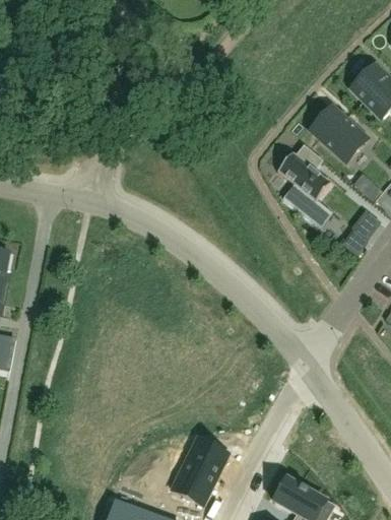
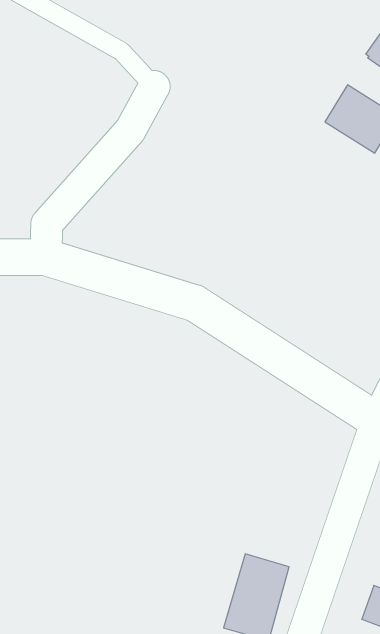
building: [277,144,330,220] -> none

